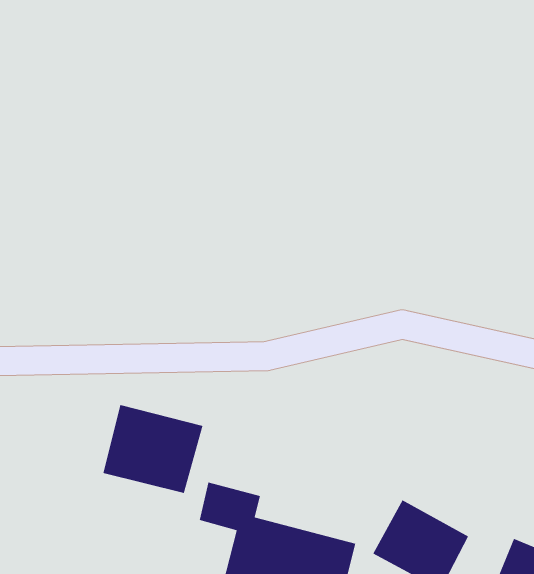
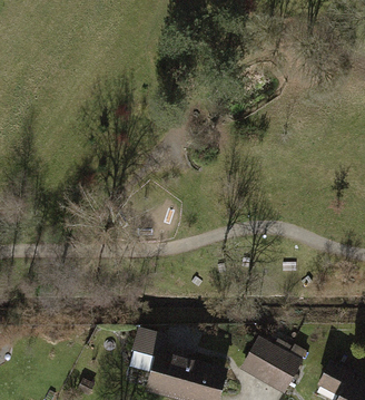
building: [103,404,203,494] -> none

